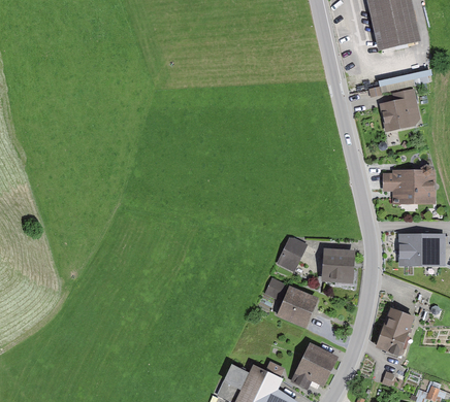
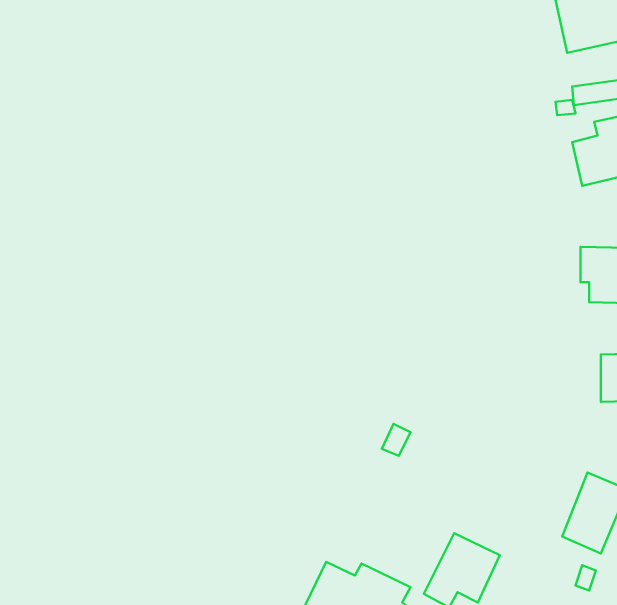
building: [276,235,307,270] -> none
building: [321,248,354,283] -> none
building: [277,286,317,327] -> none

